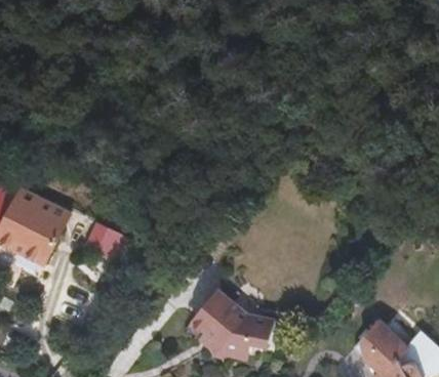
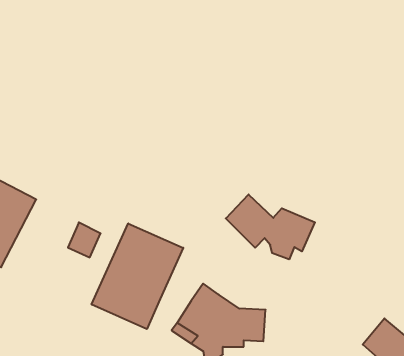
building: none -> [226,194,315,259]
building: none -> [92,223,183,329]

